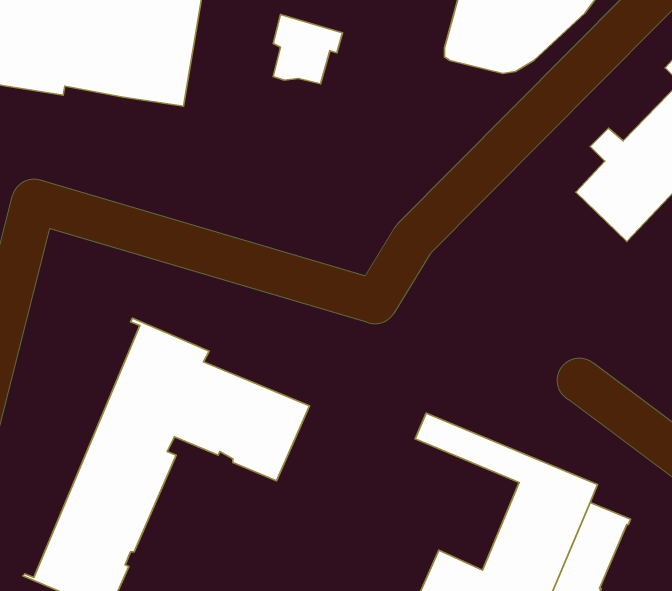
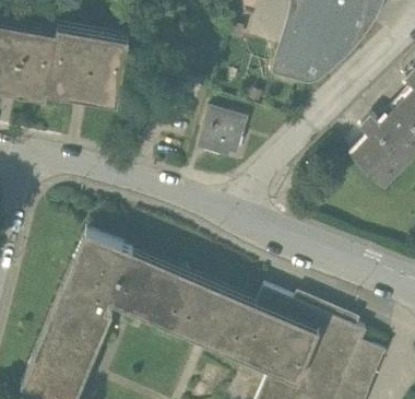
building: [273,14,342,84] -> [202,109,244,151]
building: none -> [173,282,318,380]

